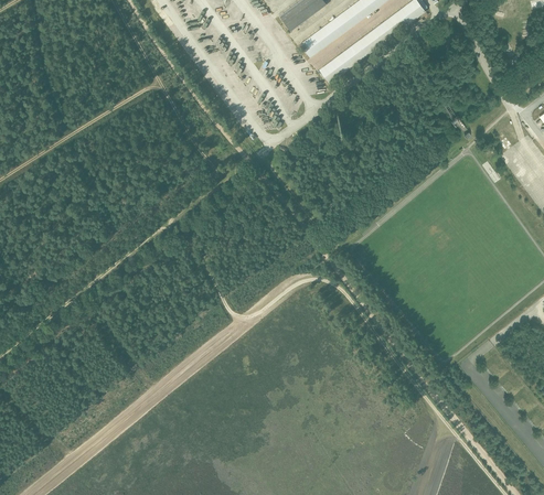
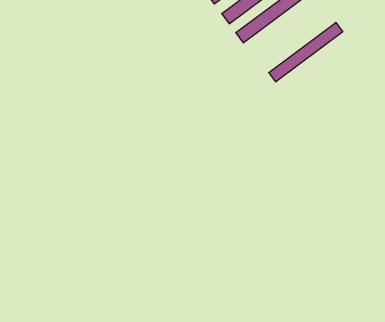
building: none -> [269,22,343,82]

